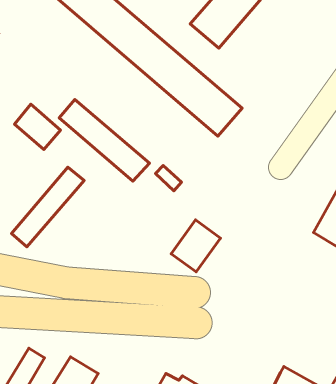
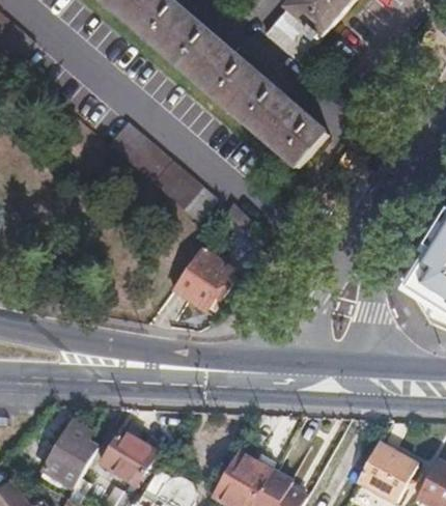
building: [15,104,60,149] -> none
building: [11,167,84,247] -> none
building: [171,220,221,272] -> [172,246,231,308]

